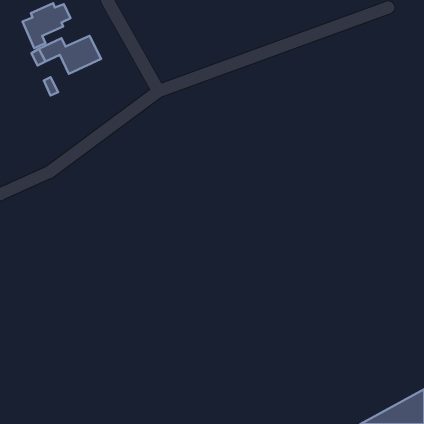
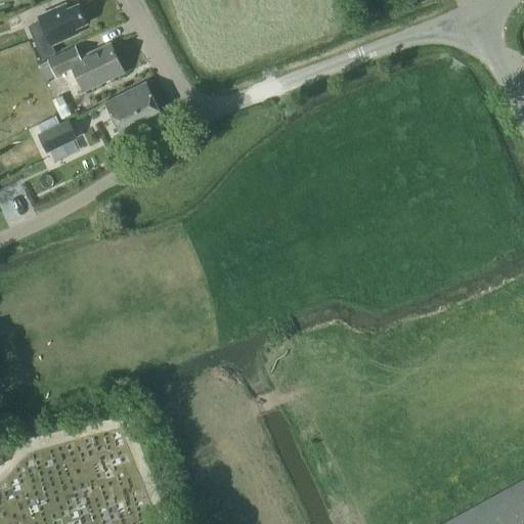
building: none -> [106,83,165,141]
building: none -> [38,116,78,152]

